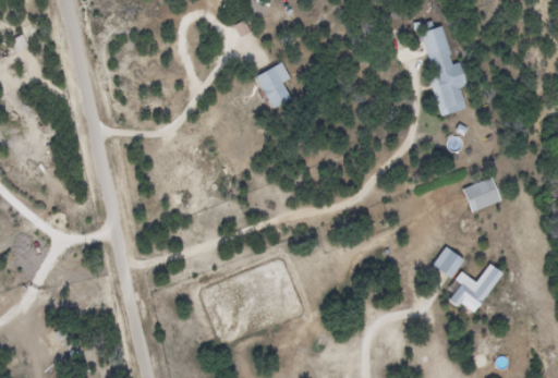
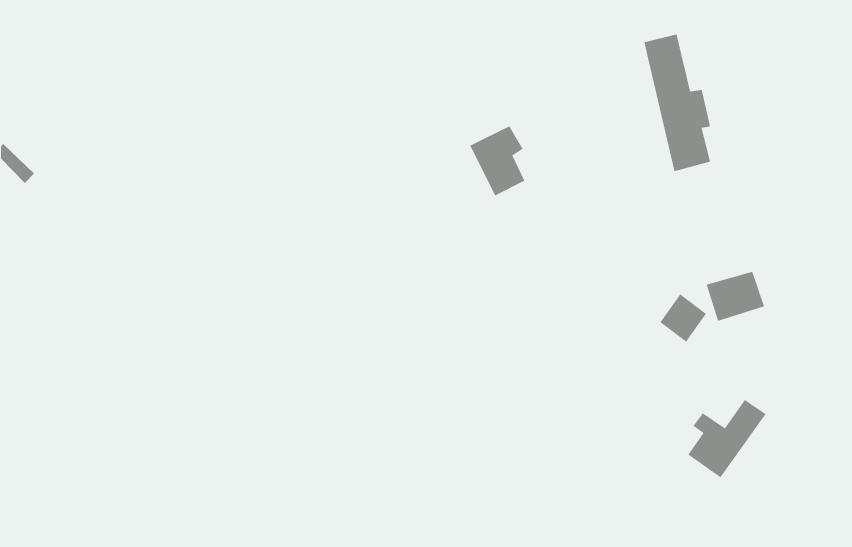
building: [256,63,292,109] -> [470,125,525,196]
building: [433,247,463,279] -> [660,294,707,342]

